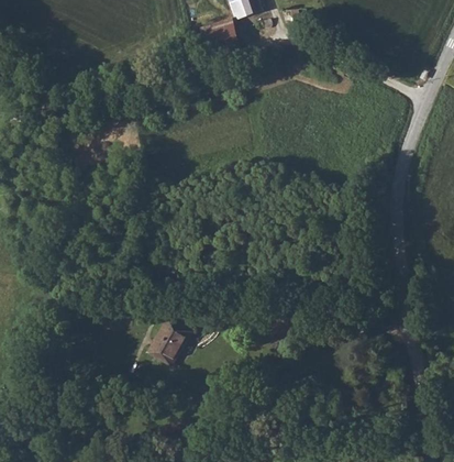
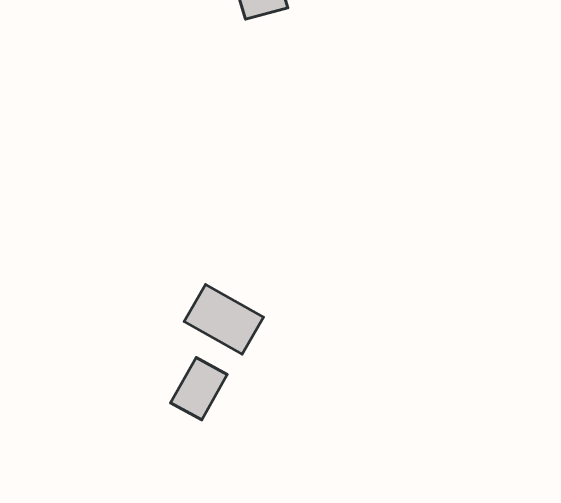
building: none -> [184,284,264,354]

